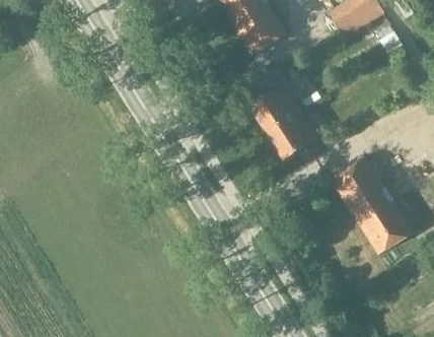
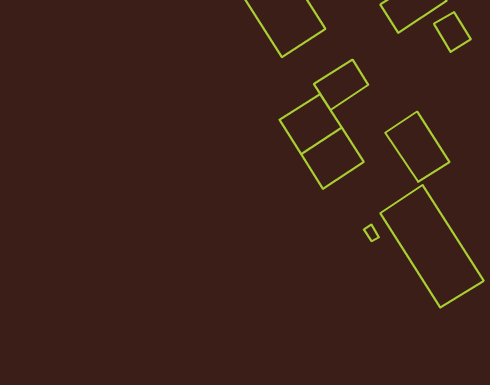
building: none -> [314,60,368,110]
building: none -> [385,112,449,182]

